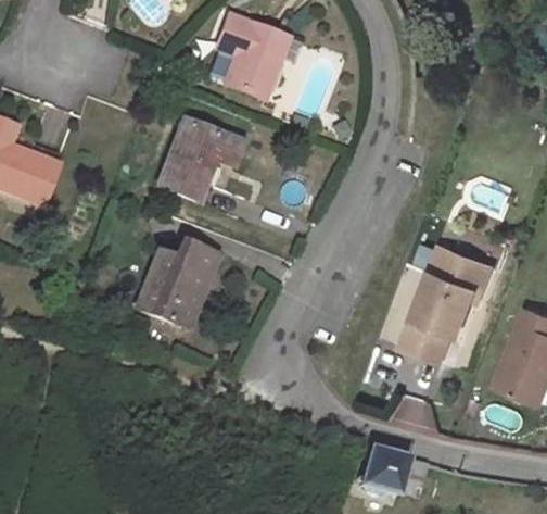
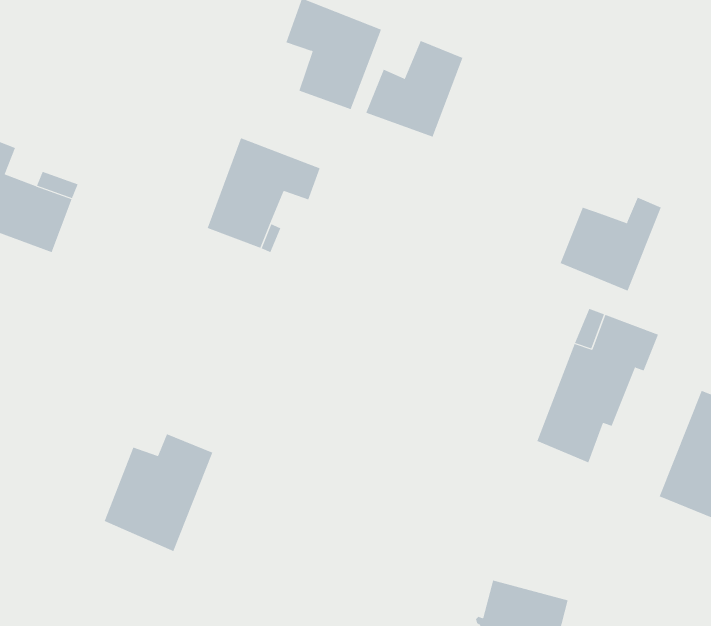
building: none -> [366,40,463,137]
building: none -> [560,197,661,292]
building: [136,240,217,328] -> [104,434,213,552]

